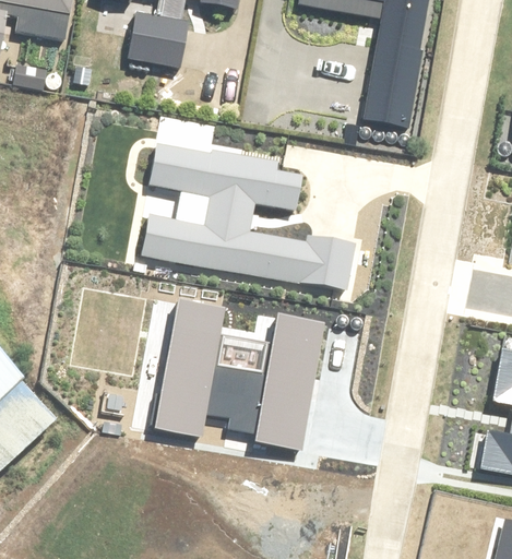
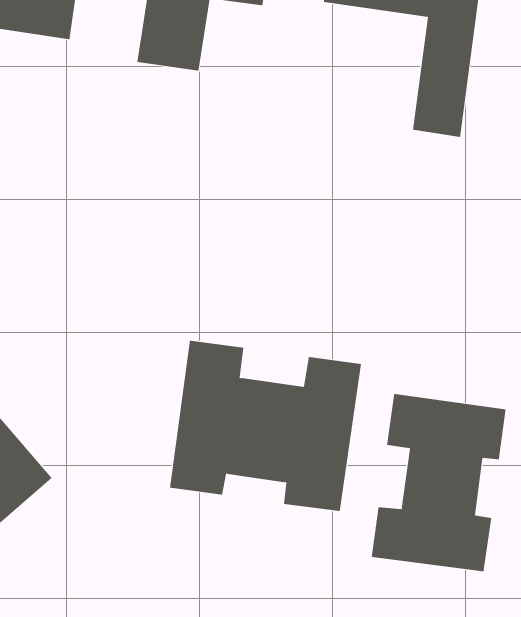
building: [140,143,355,287] -> none
building: none -> [371,393,506,572]

